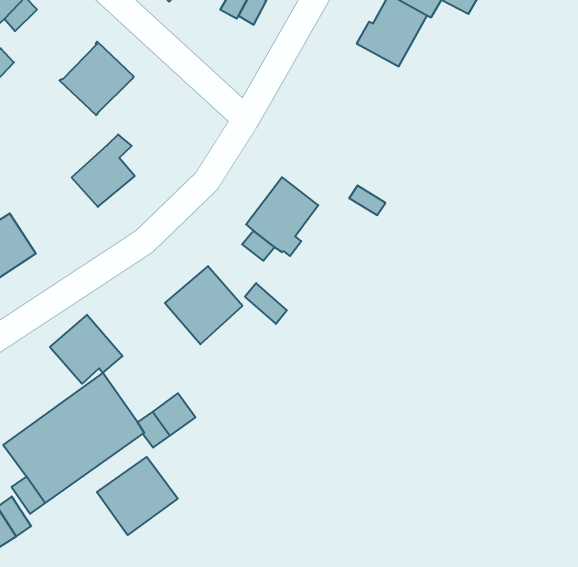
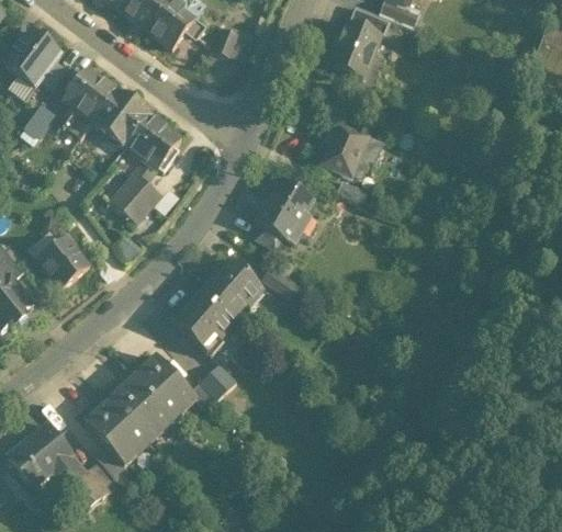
building: none -> [63,68,119,140]
building: none -> [126,115,182,171]
building: none -> [319,123,382,178]
building: [50,315,123,384] -> [173,292,233,348]
building: [97,457,178,535] -> none

